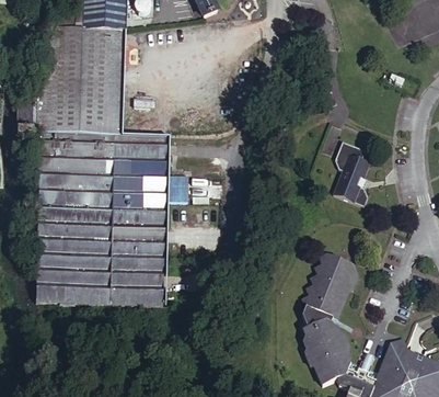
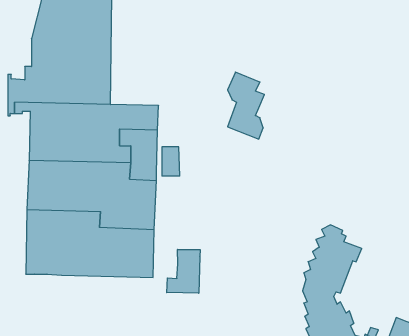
building: [335,136,371,202] -> [228,72,264,139]
building: none -> [167,249,200,293]

